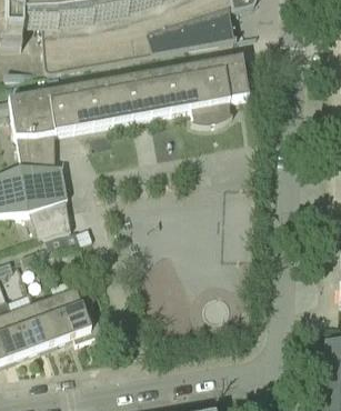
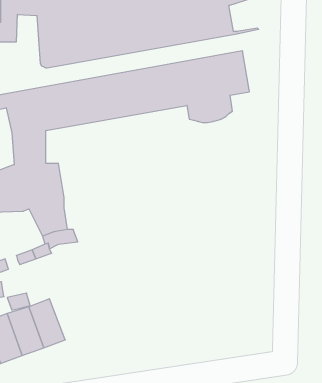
building: [52,287,102,339] -> none

